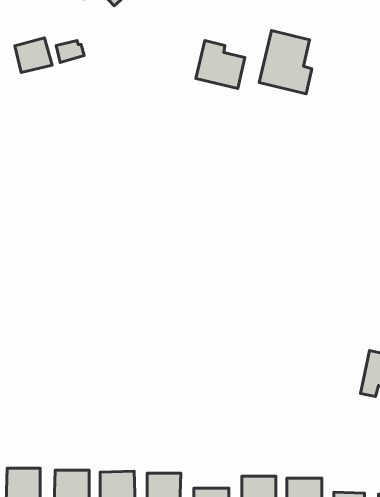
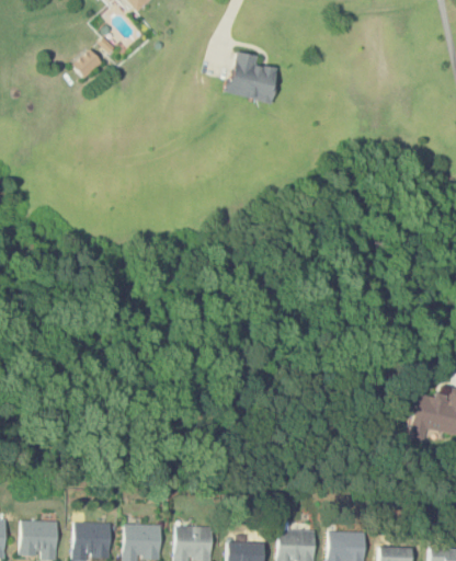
building: [259,30,312,94] -> none
building: [15,38,52,72] -> none

